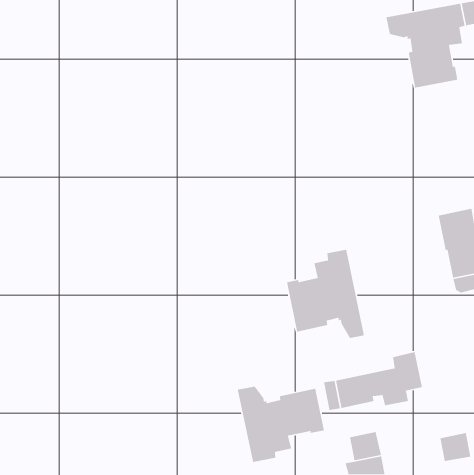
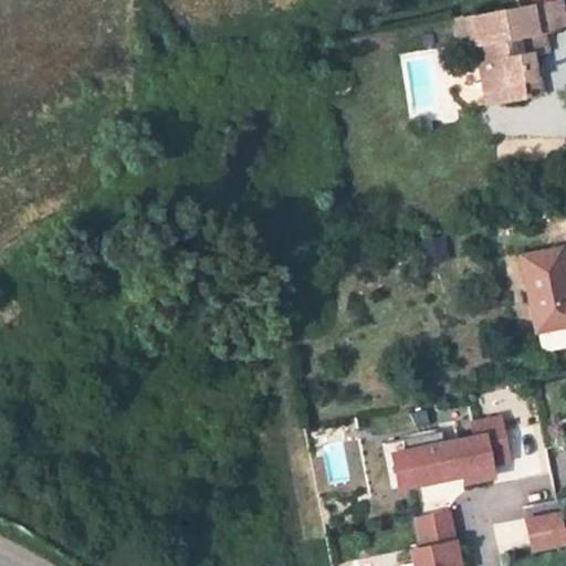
building: [286,249,365,339] -> none
building: [237,386,325,463] -> none

